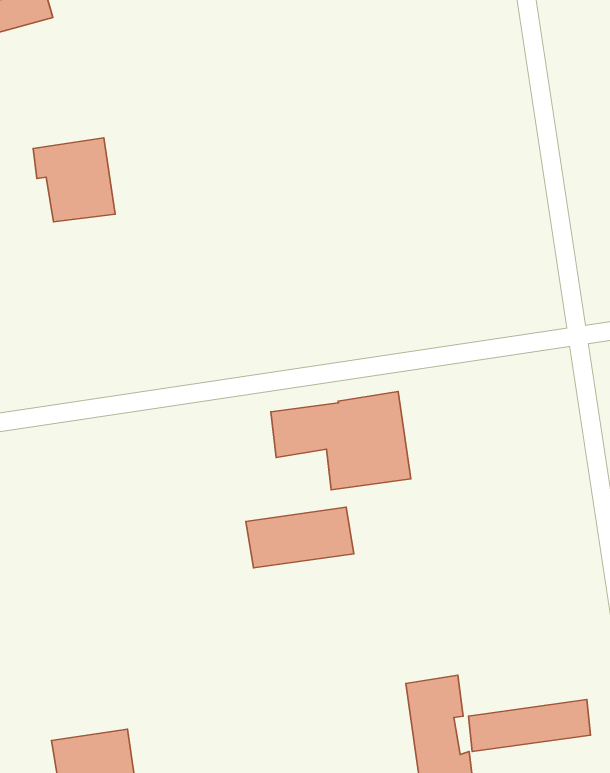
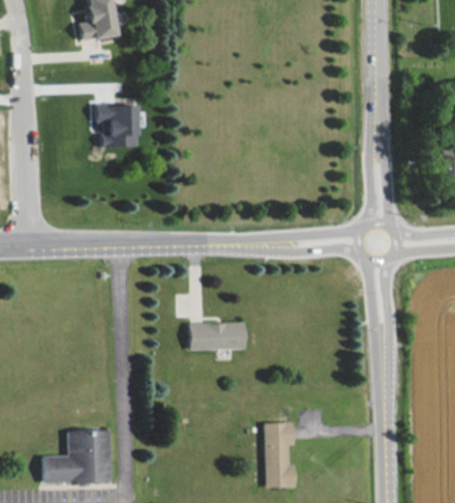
building: [271,391,411,490] -> none
building: [468,700,591,752] -> none

